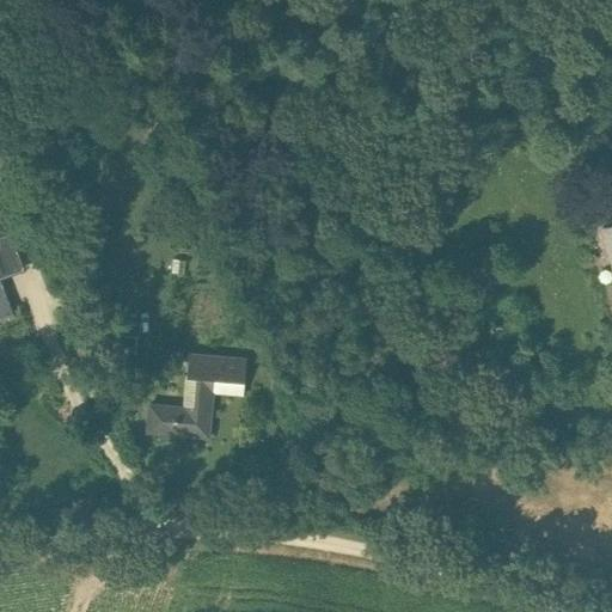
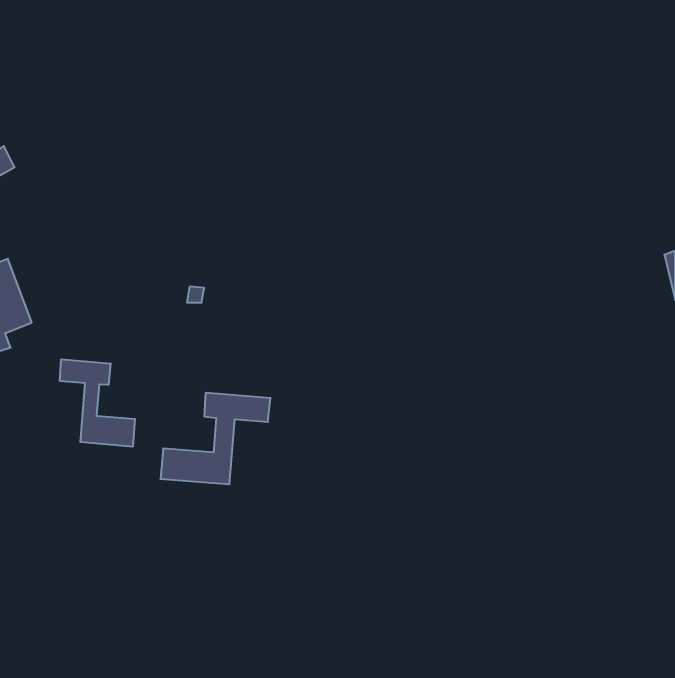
building: none -> [60,359,135,447]

